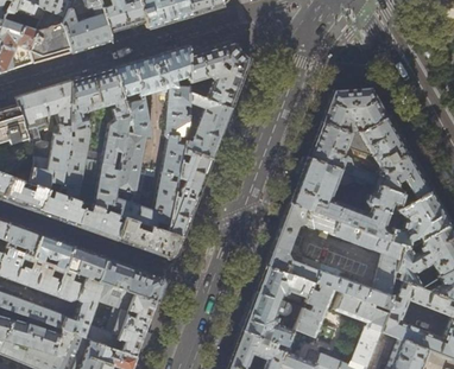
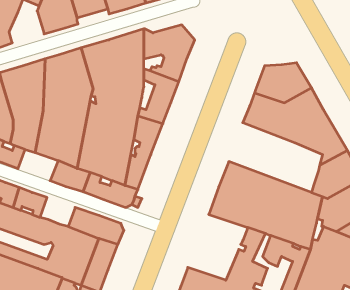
building: [30,19,71,63] -> none
building: [291,158,403,241] -> none
building: [40,190,88,227] -> none
building: [67,247,108,281] -> none
building: [242,267,314,345] -> none

